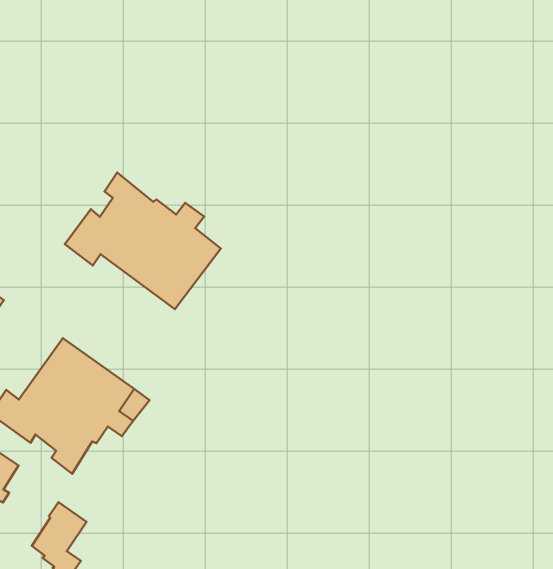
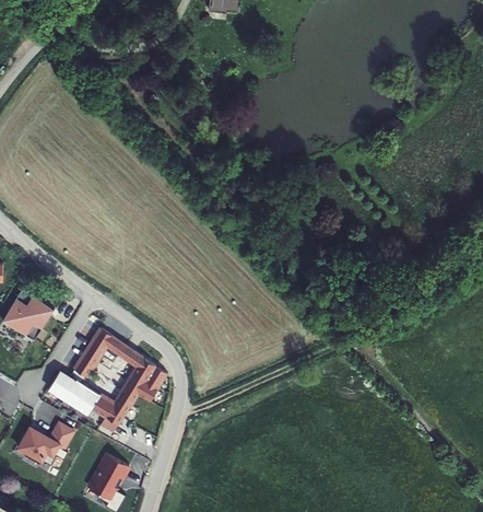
building: [65,172,221,309] -> none

